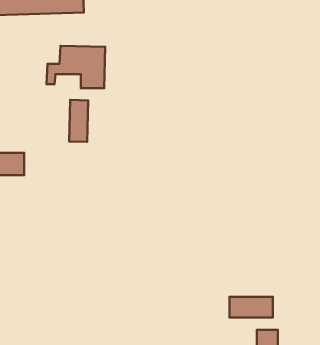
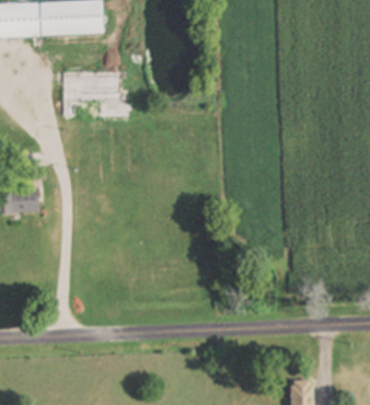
building: [69,100,88,142] -> none
building: [230,297,273,318] -> none

